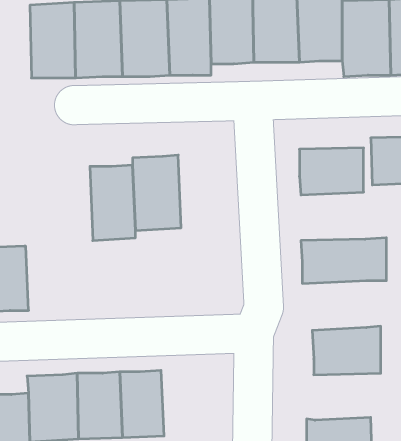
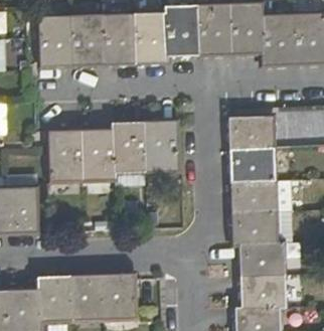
building: none -> [143,120,177,172]
building: none -> [49,129,83,182]
building: none -> [229,146,290,181]
building: none -> [230,209,276,244]
building: none -> [238,275,287,308]

